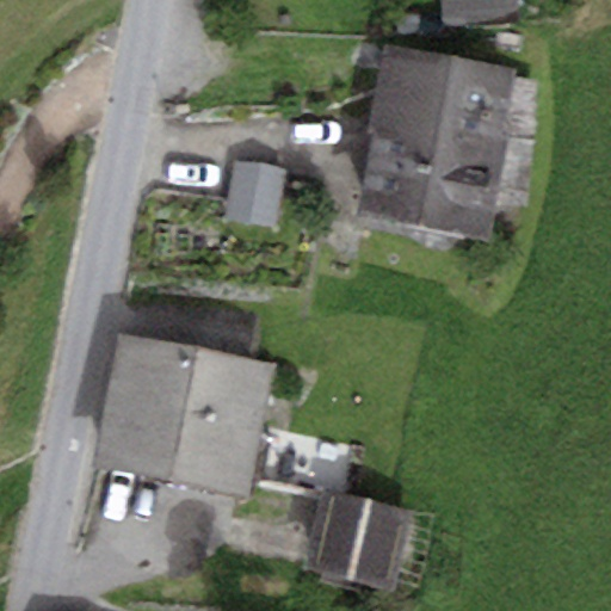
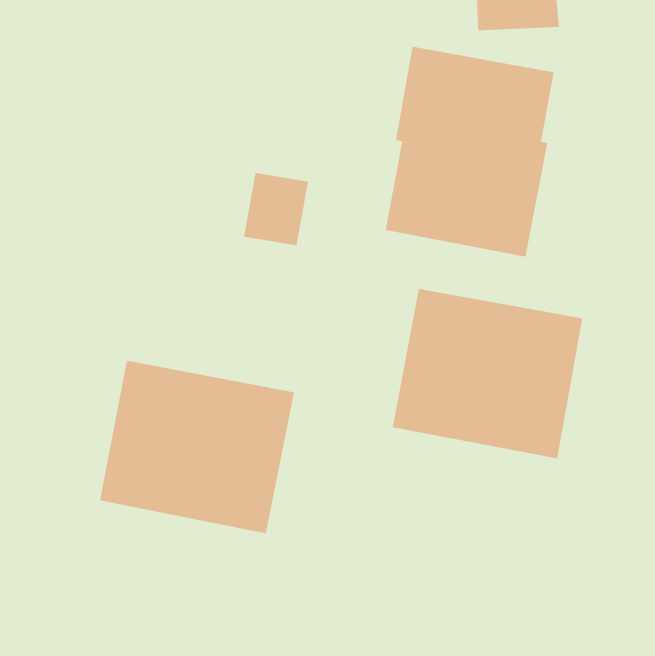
building: none -> [392,288,583,459]
building: [308,489,415,590] -> none

